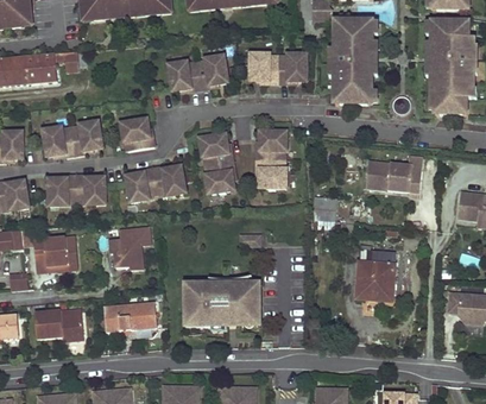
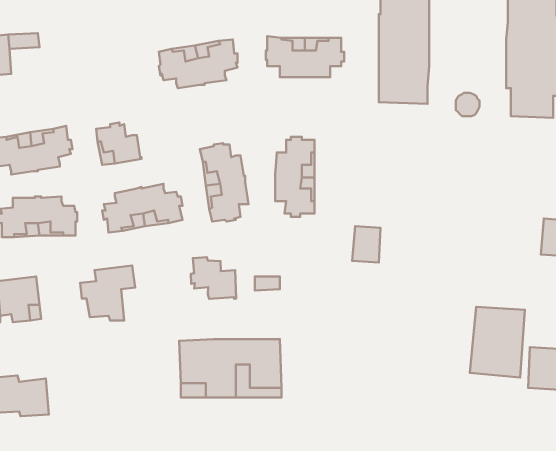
building: [365,158,411,191] -> none
building: none -> [191,257,236,299]
building: [353,248,395,302] -> [470,307,525,377]
building: [105,302,157,332] -> none

